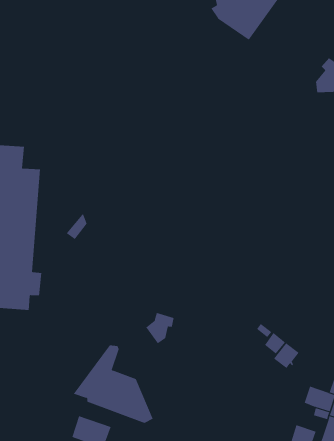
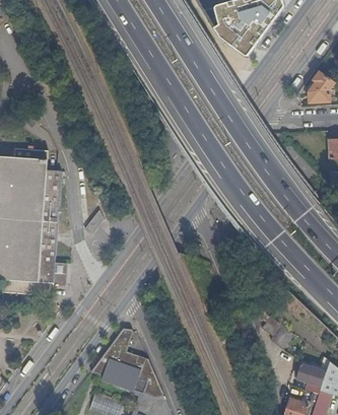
building: [145,312,174,344] -> none

